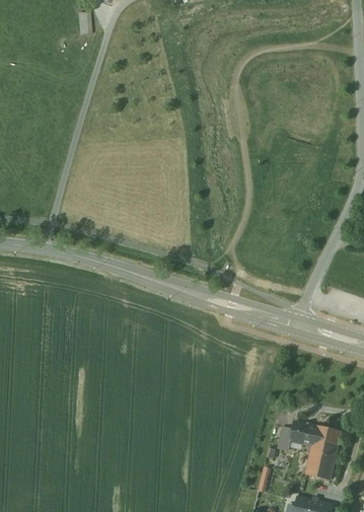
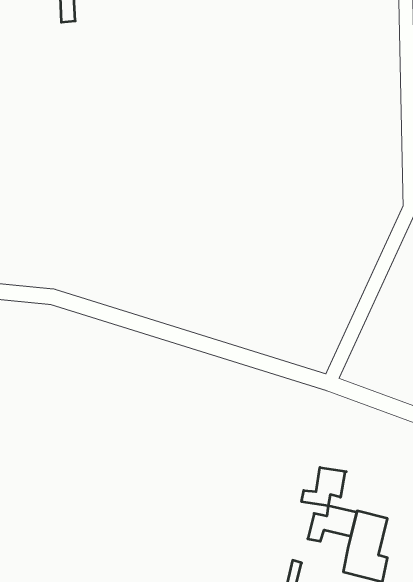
building: none -> [302,467,346,506]

